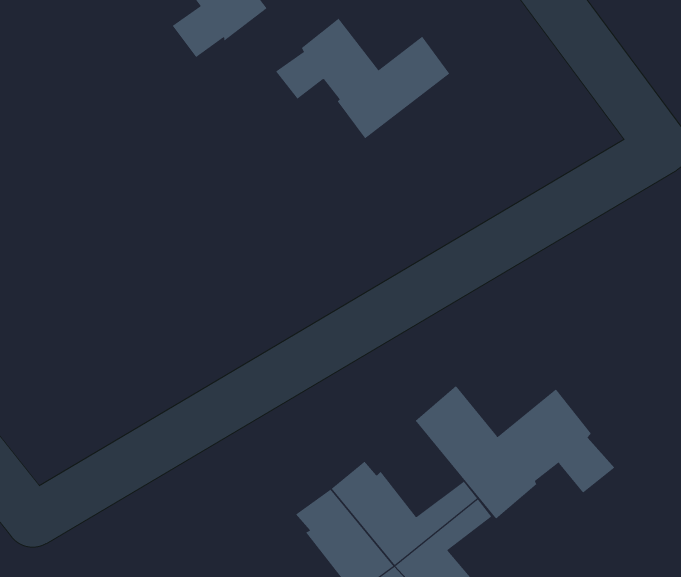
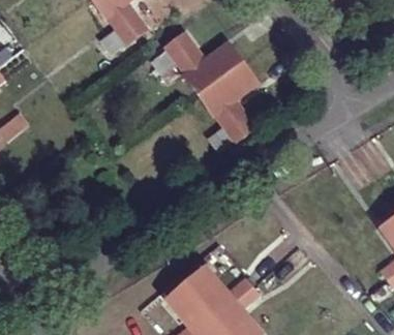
building: none -> [199,61,257,149]
building: [415,385,615,520] -> none

